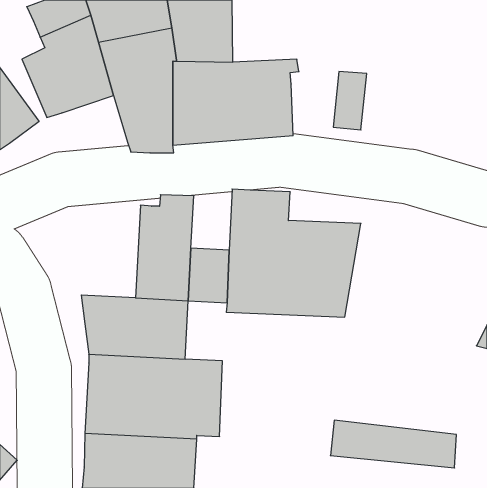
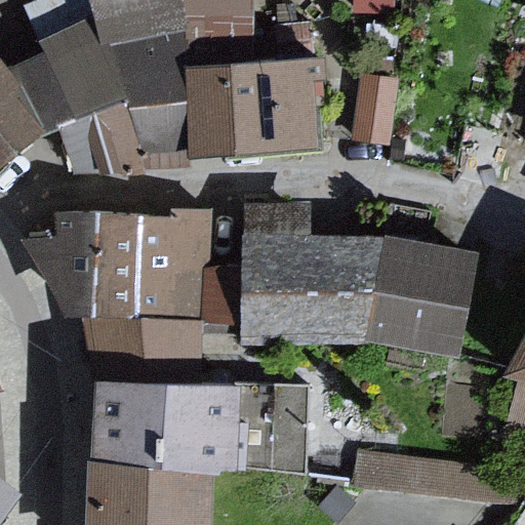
building: none -> [67,103,142,172]
building: none -> [29,216,151,320]
building: none -> [370,240,474,355]
building: none -> [236,388,301,472]

